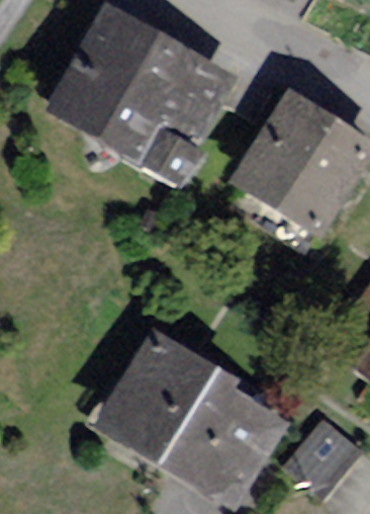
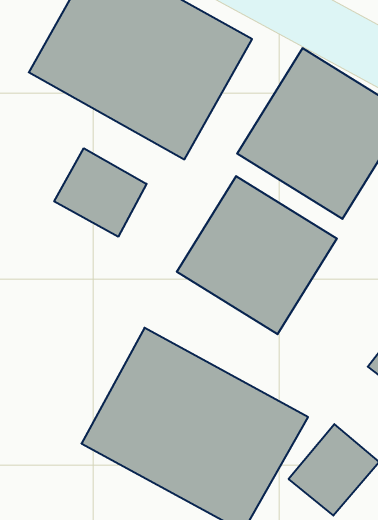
building: none -> [54,148,147,237]
building: none -> [177,176,337,334]

